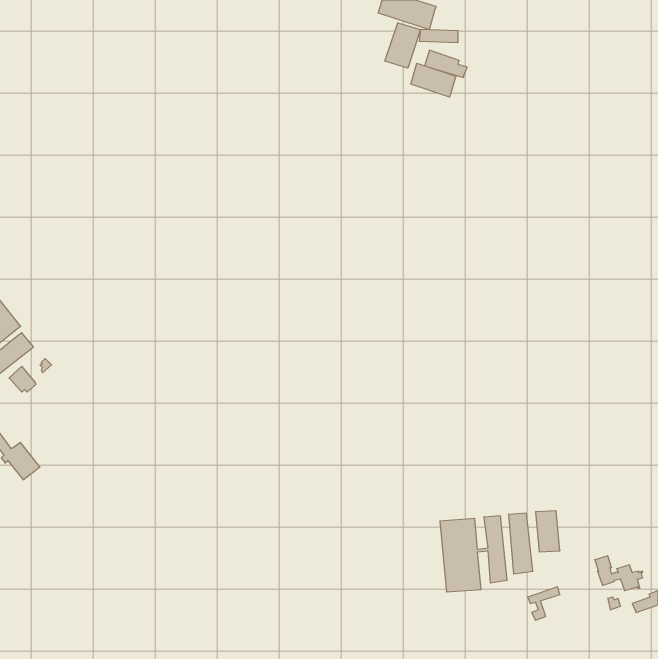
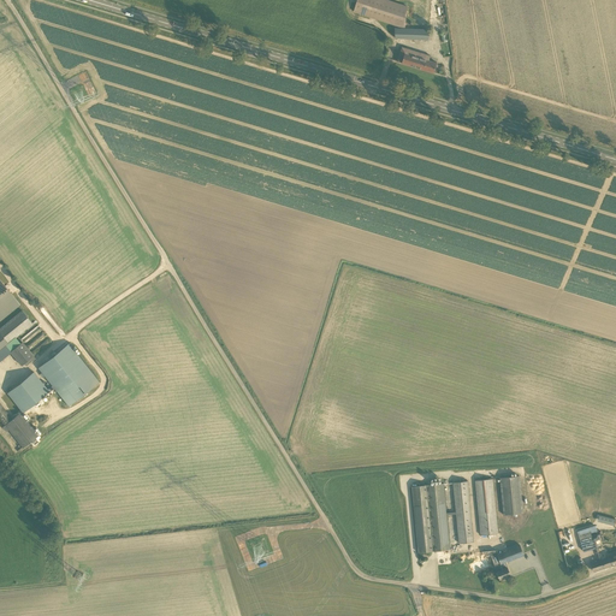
building: [385,23,421,68] -> none
building: [411,63,456,97] -> none
building: none -> [37,343,97,405]
building: none -> [6,372,48,413]

